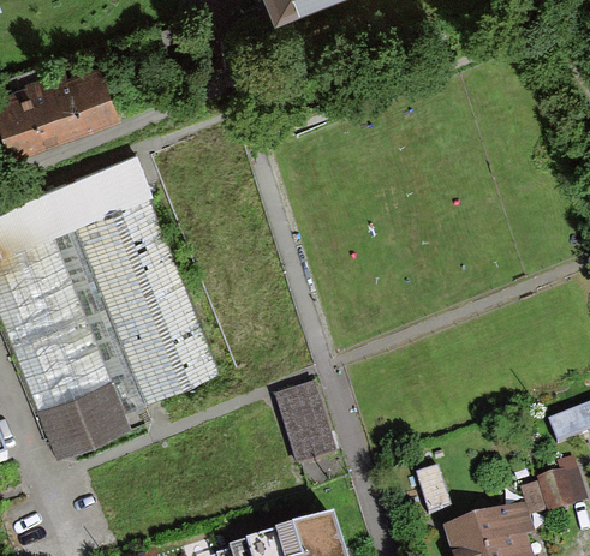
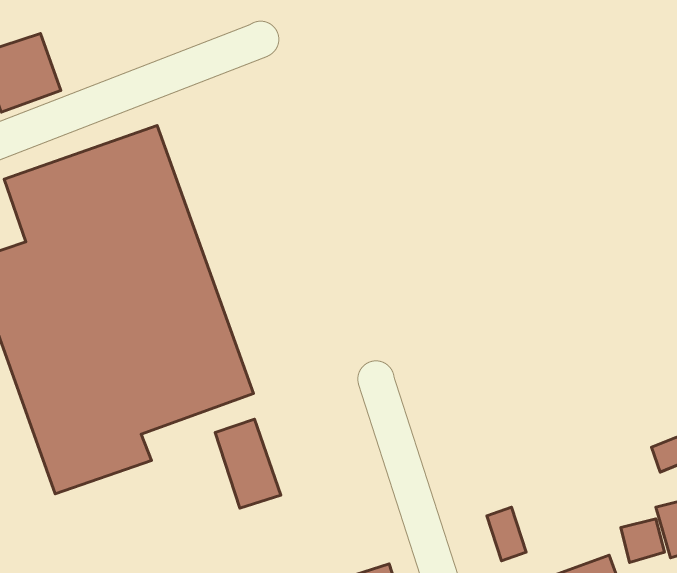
building: [44,62,111,127] -> none
building: [273,389,327,462] -> [215,419,281,508]

